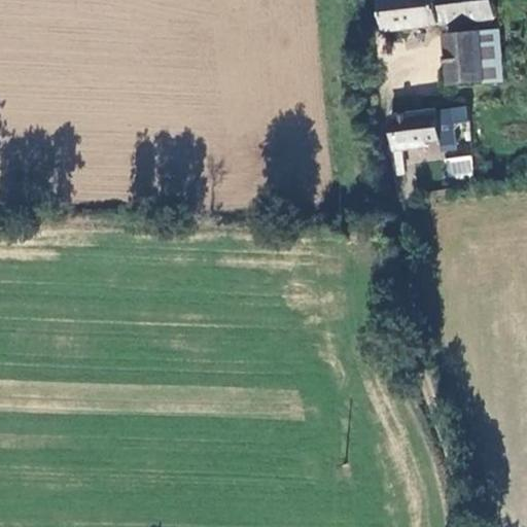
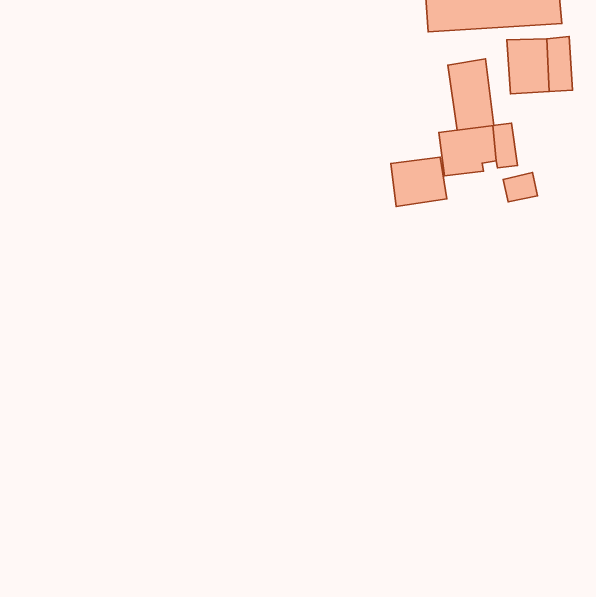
building: none -> [448,59,494,130]
building: none -> [391,157,447,206]

